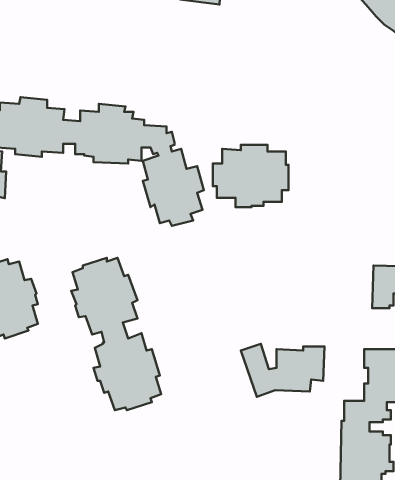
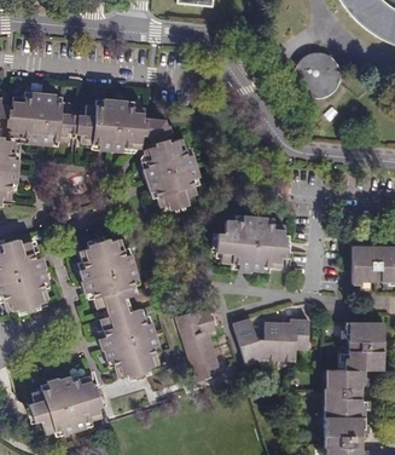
building: none -> [294,53,339,99]
building: [213,145,289,207] -> [216,215,285,272]
building: none -> [175,310,221,381]
building: none -> [28,375,101,434]

